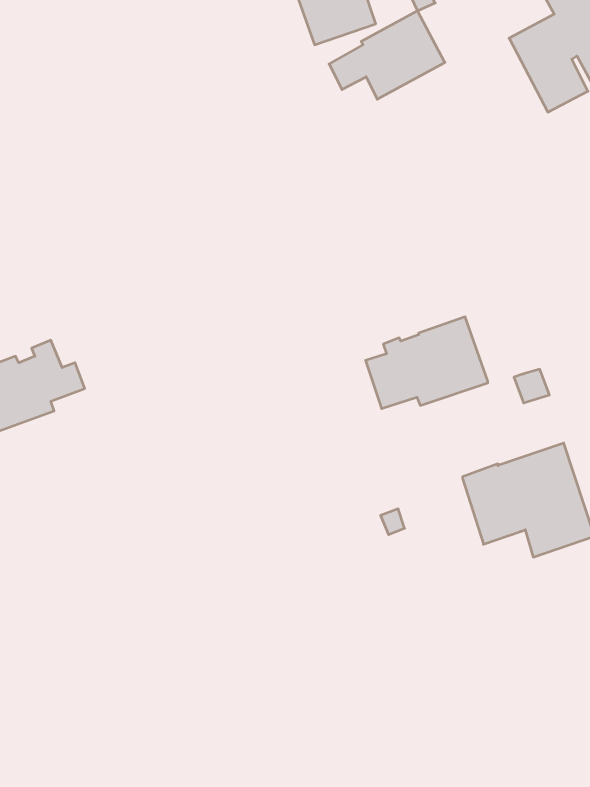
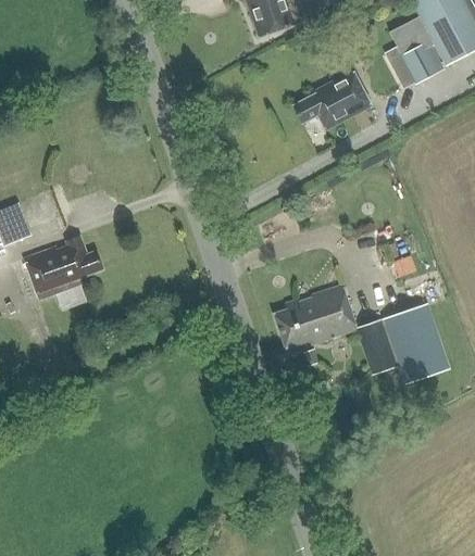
building: [329,11,445,99] -> [293,70,372,129]
building: [366,317,488,409] -> [275,285,358,346]

